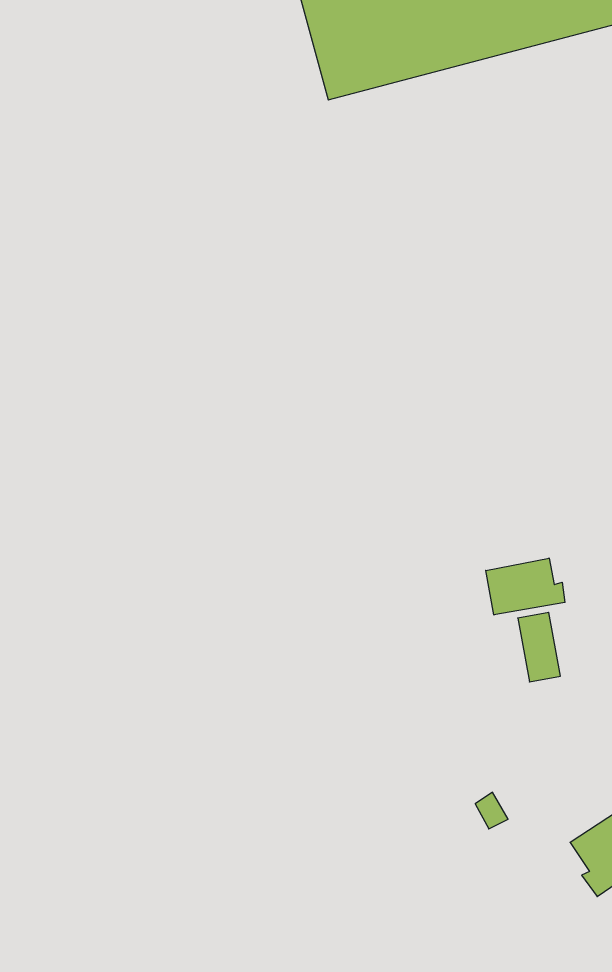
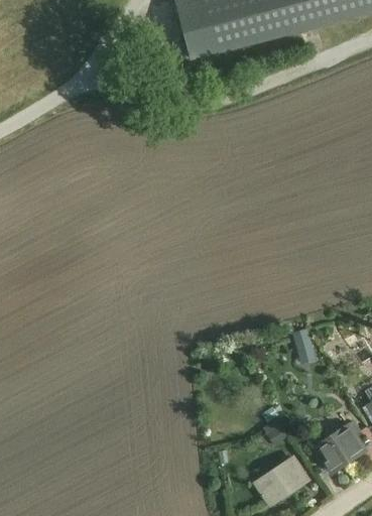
building: [486,558,565,615] -> none
building: none -> [254,459,304,503]

